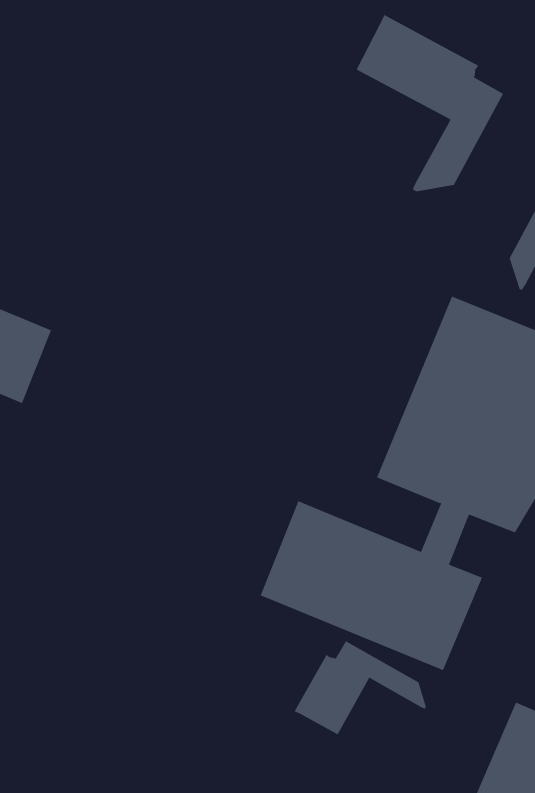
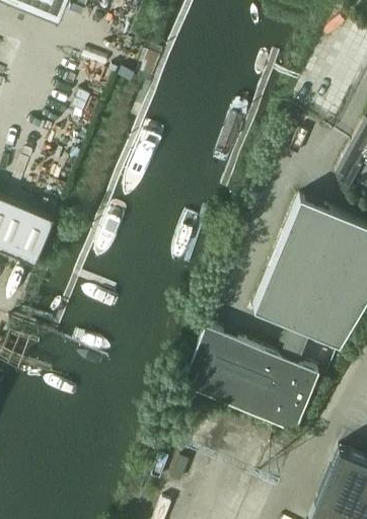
building: [356,14,504,192] -> none
building: [294,641,426,735] -> none

